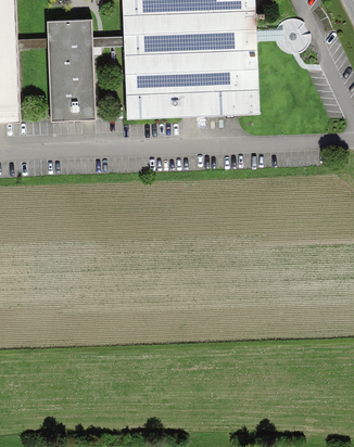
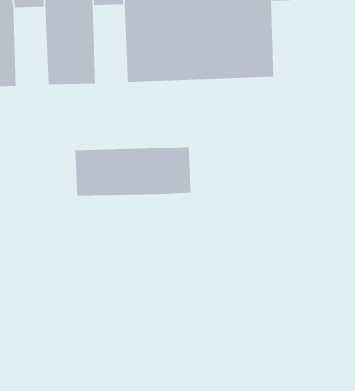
building: none -> [75,146,191,197]

